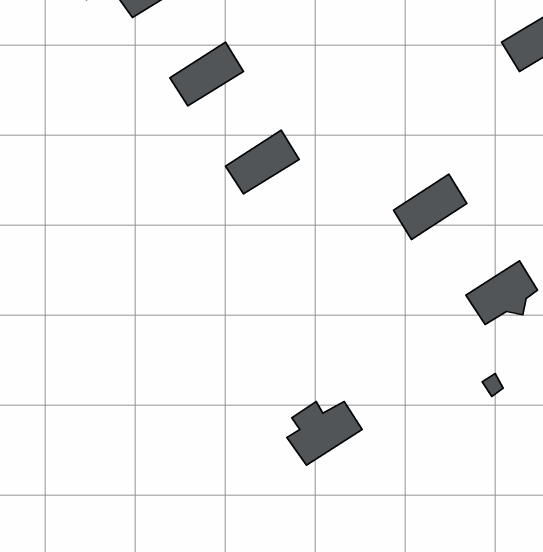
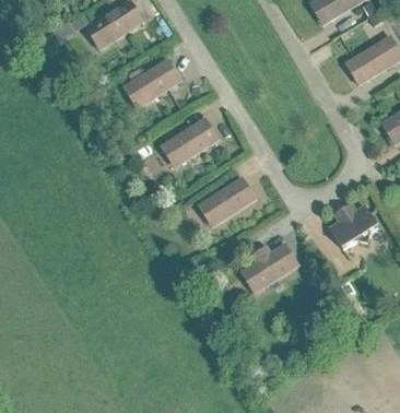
building: [393,174,467,240] -> [202,179,251,223]
building: [287,402,362,465] -> [244,246,294,288]

